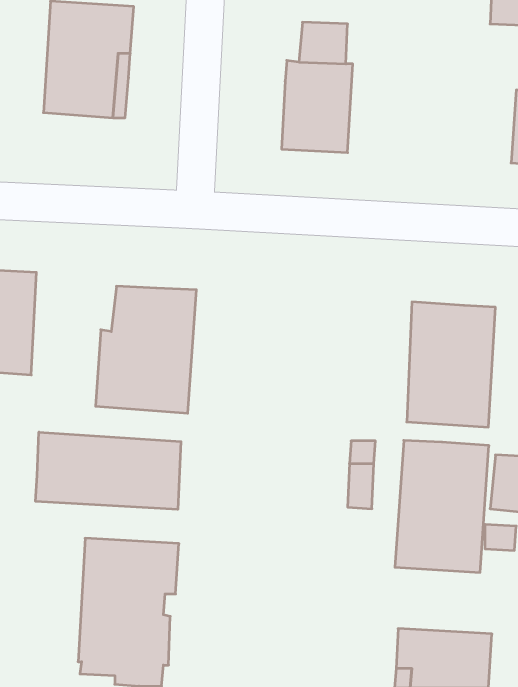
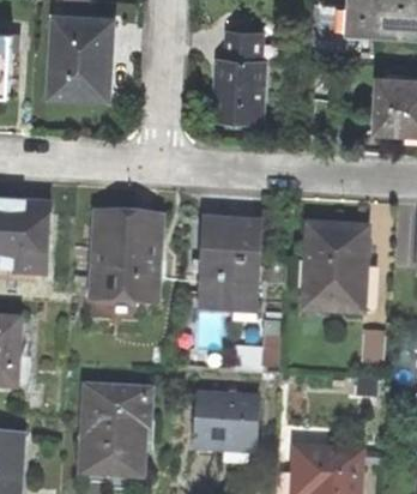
building: [36,432,181,509] -> none
building: [395,440,489,572] -> [194,219,259,311]
building: none -> [192,393,254,452]

